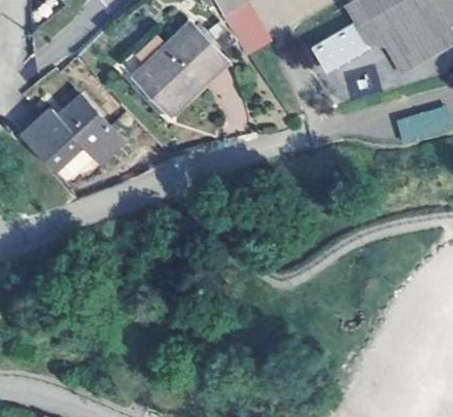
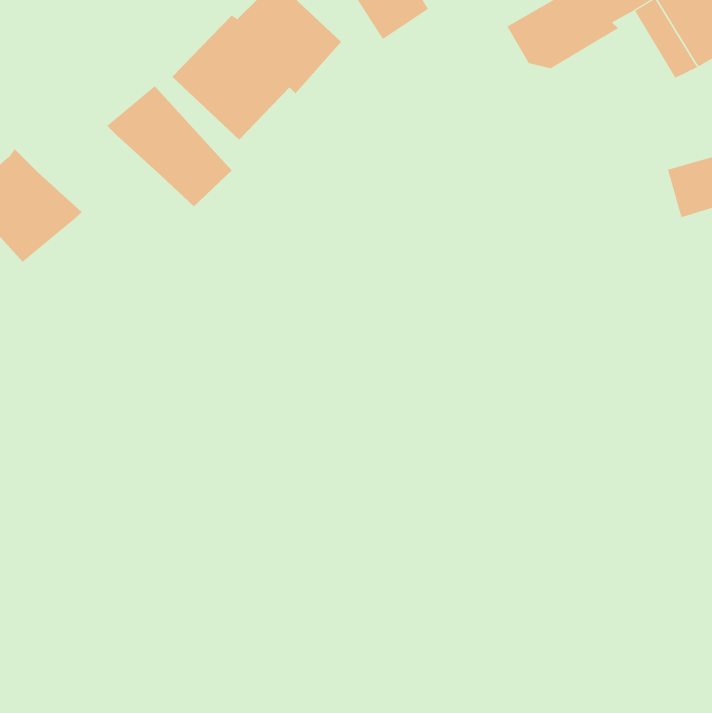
building: [57,98,124,163] -> [107,85,232,207]

